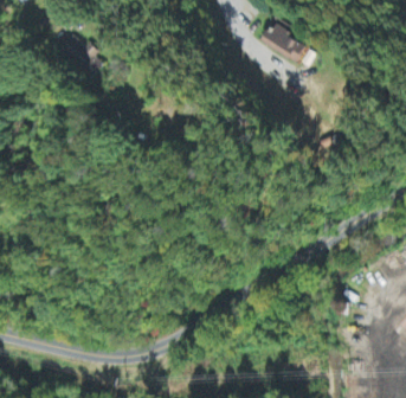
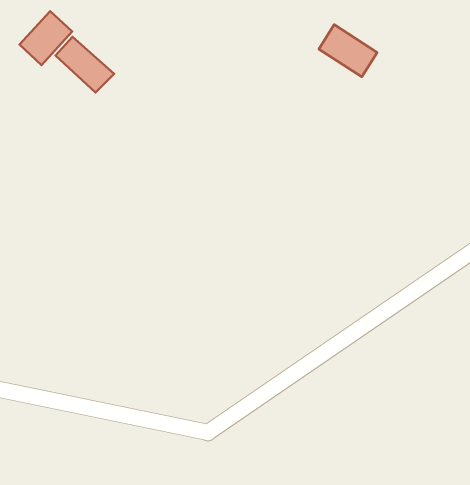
building: none -> [20,11,72,65]

